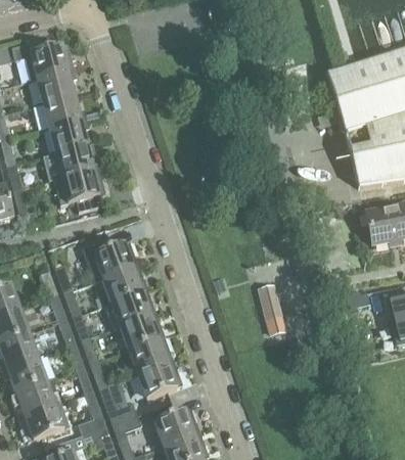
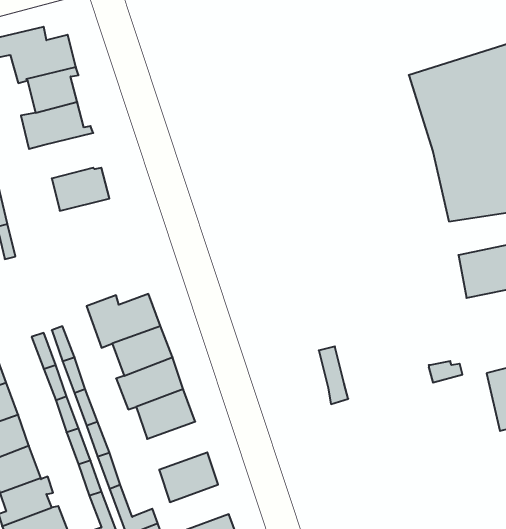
building: [49,118,88,152] -> none
building: [54,168,105,212] -> none
building: [128,337,174,374] -> none

